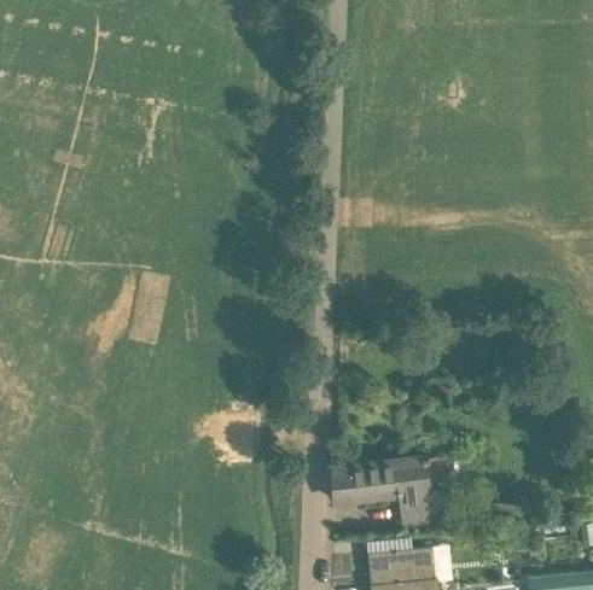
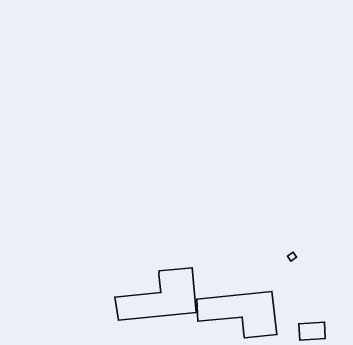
building: none -> [115,268,196,320]

